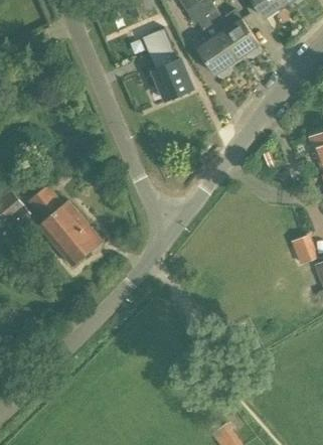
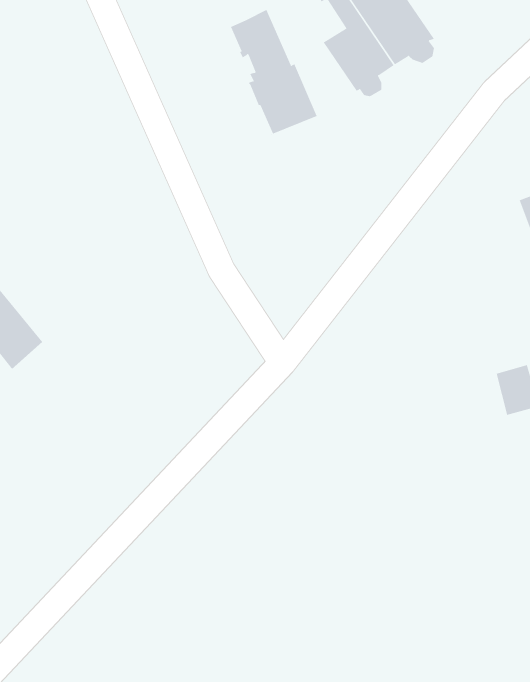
building: [28,184,102,266] -> none

